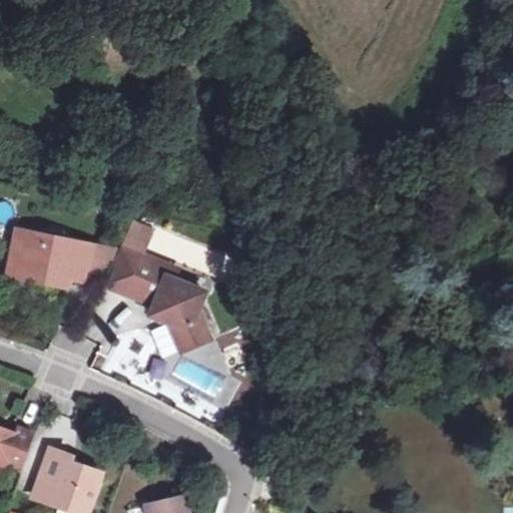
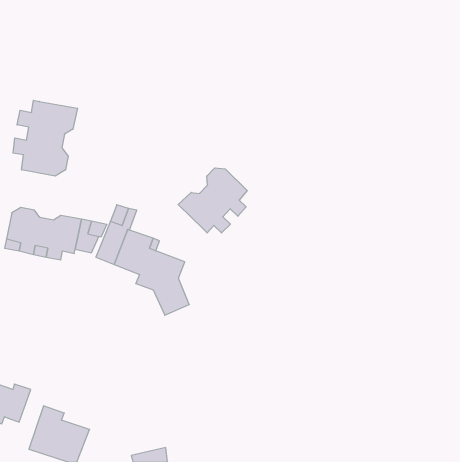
building: none -> [13,100,78,176]
building: none -> [178,168,247,233]

